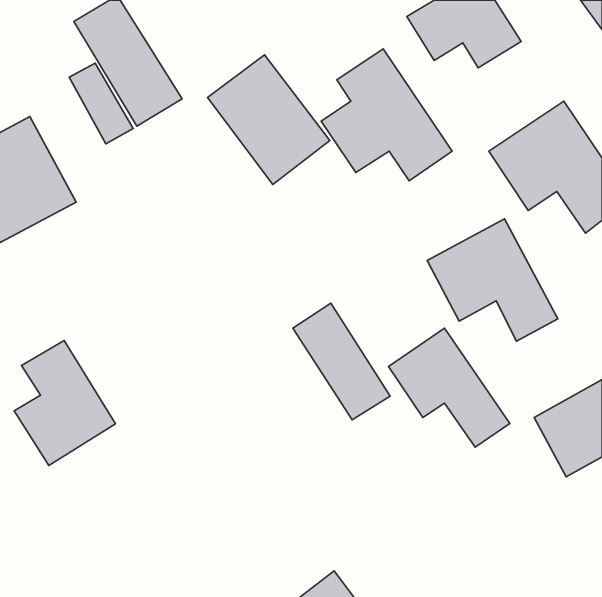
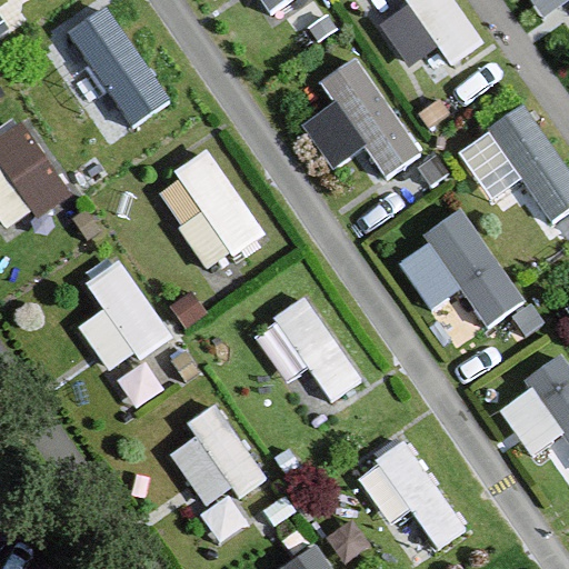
building: [207,55,330,184] -> [153,151,268,272]
building: [388,328,510,447] -> [356,439,469,550]
building: [14,341,115,465] -> [76,259,170,376]
building: none -> [162,408,266,512]

